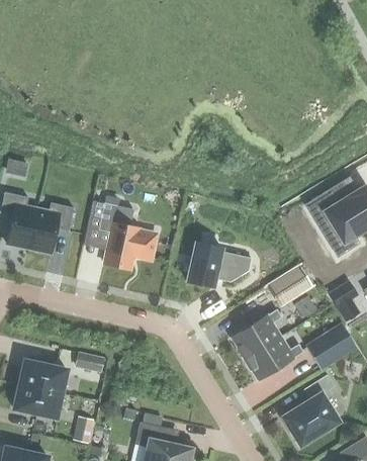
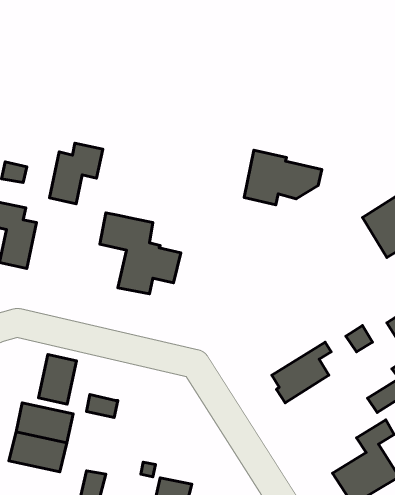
building: [29,202,74,253] -> [49,143,103,204]
building: [187,242,252,287] -> [244,150,322,205]
building: [268,267,311,305] -> none
building: none -> [38,355,77,404]
building: [244,337,304,380] -> none

